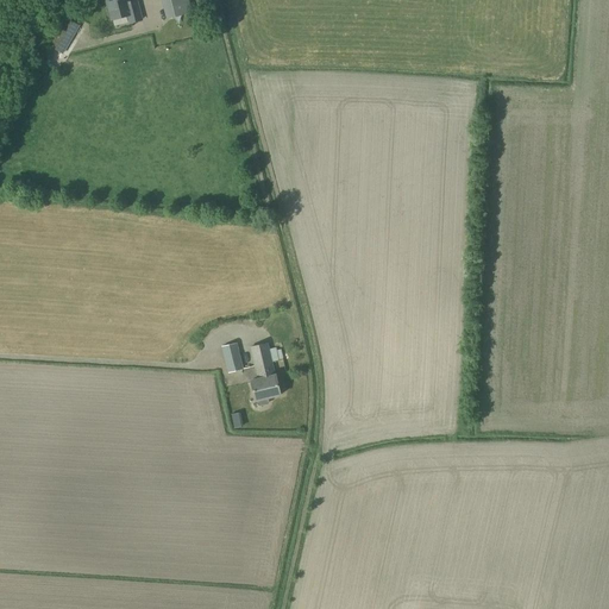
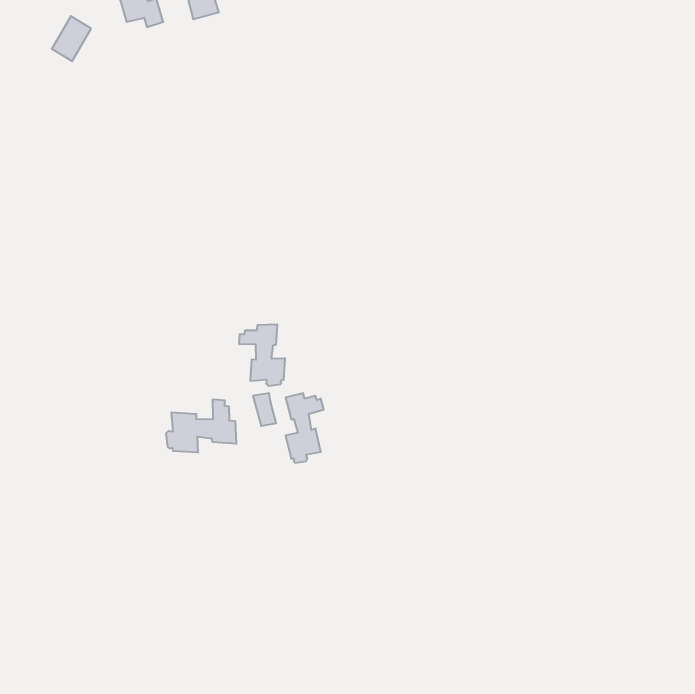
building: none -> [239,324,285,386]
building: none -> [166,399,236,453]

